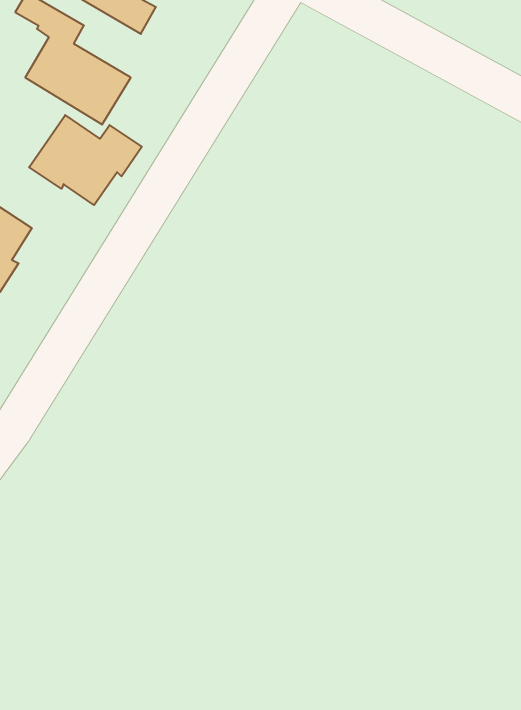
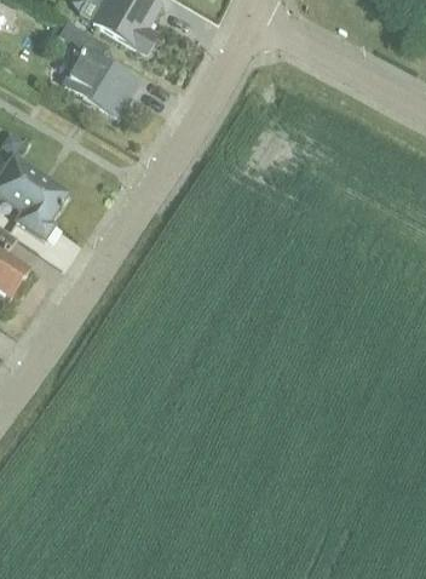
building: [29,115,142,205] -> none

